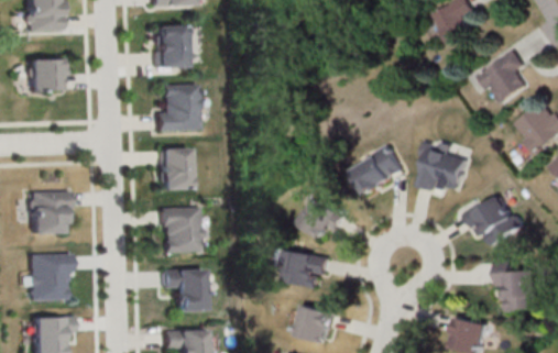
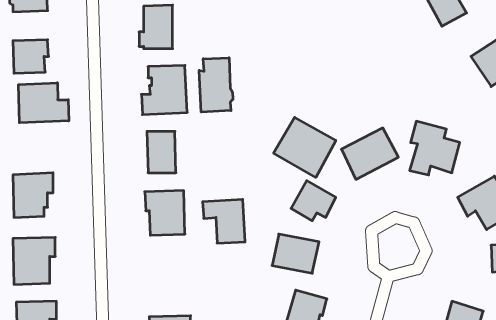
building: none -> [199,58,233,112]
building: none -> [19,83,69,123]
building: none -> [274,117,336,177]
building: [162,268,204,311] -> [203,199,245,243]

